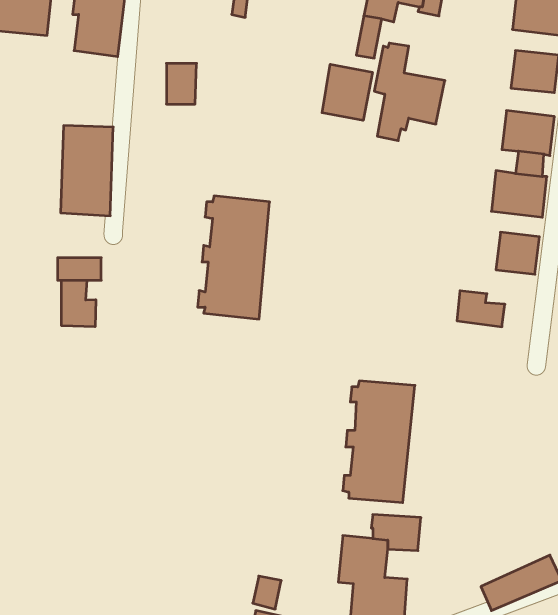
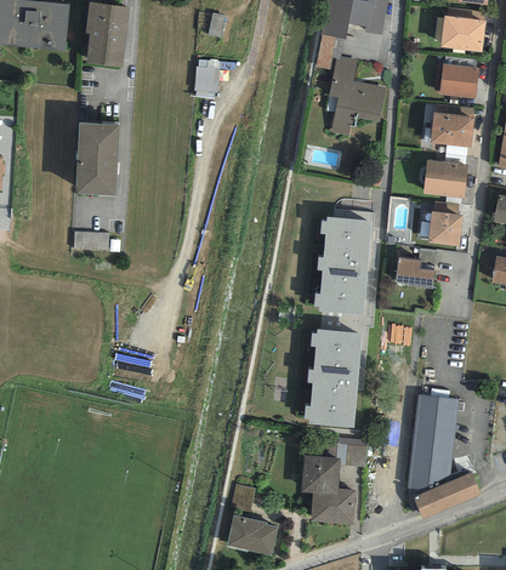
building: [166,63,197,104] -> [194,58,218,91]
building: [322,64,372,120] -> none
building: [198,196,270,319] -> [313,217,371,317]
building: [62,280,96,327] -> none
building: none -> [406,394,457,488]

